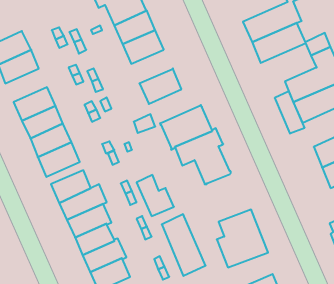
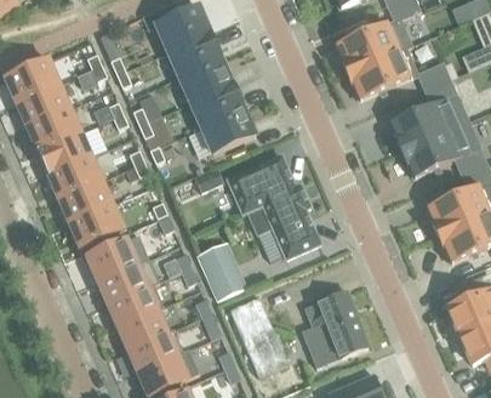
building: none -> [189,83,242,126]
building: none -> [25,107,80,150]
building: [275,91,304,134] -> none

